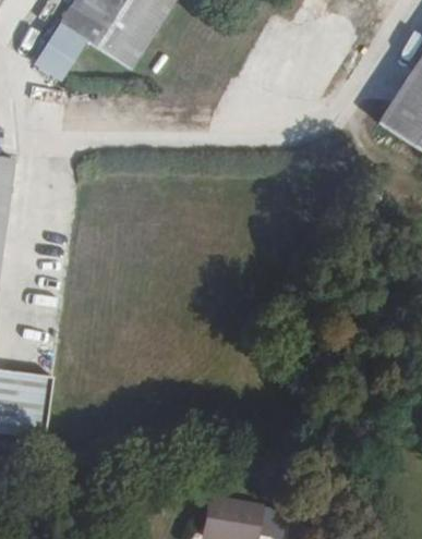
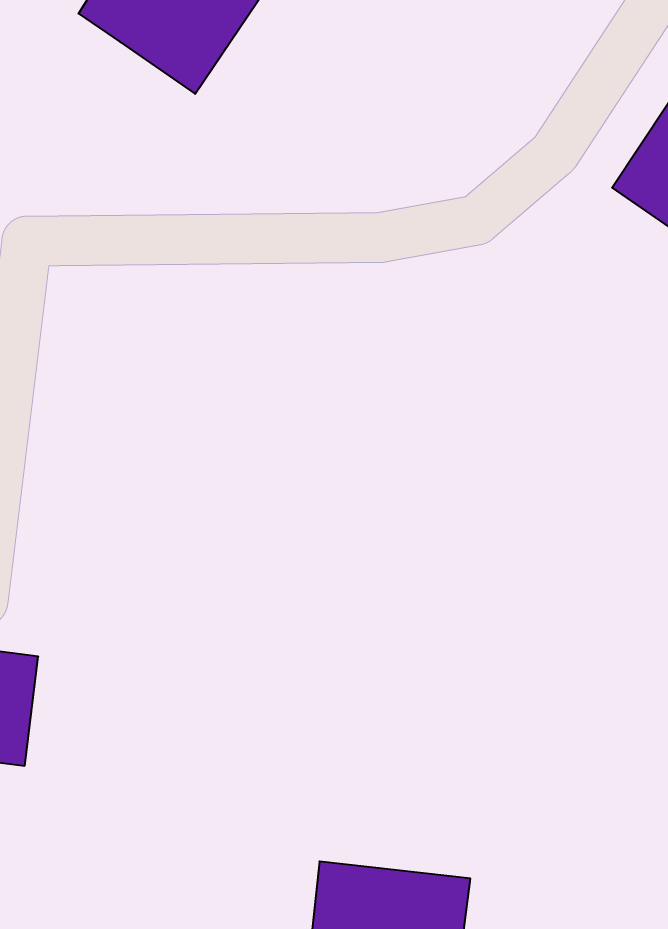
building: [44,10,94,66] -> none

